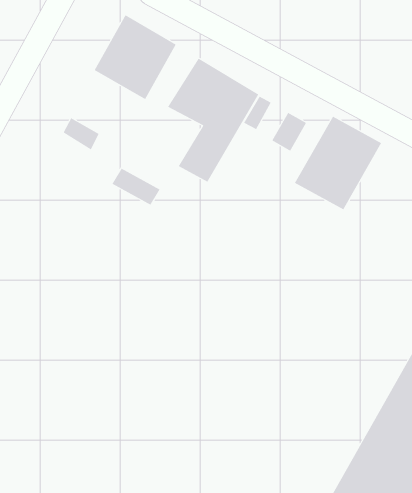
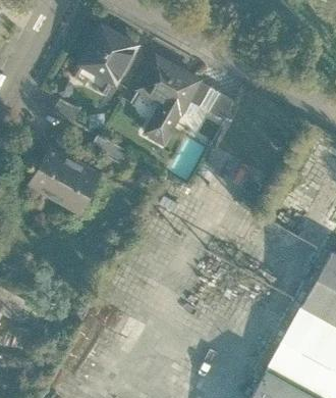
building: [294,116,382,210] -> none
building: none -> [22,146,100,218]

